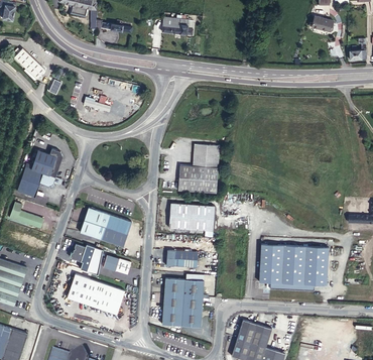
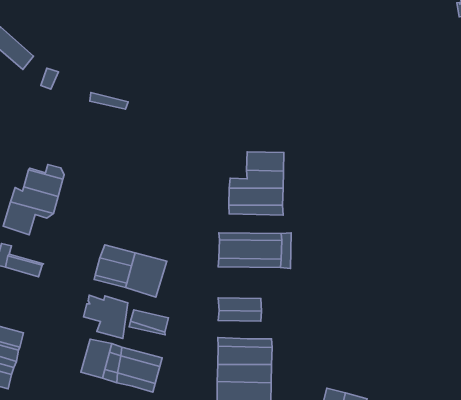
building: [259,240,329,290] -> none

